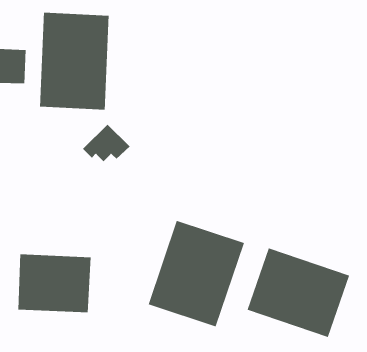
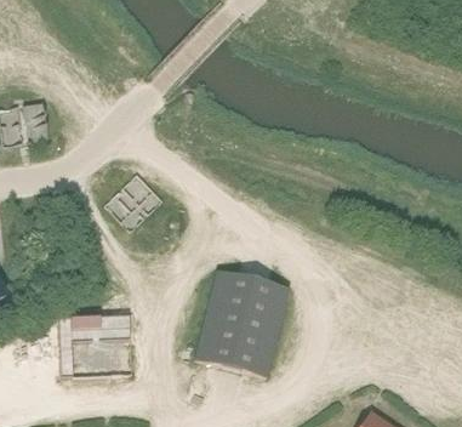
building: [39,12,109,110] -> none
building: [247,248,350,338] -> none

